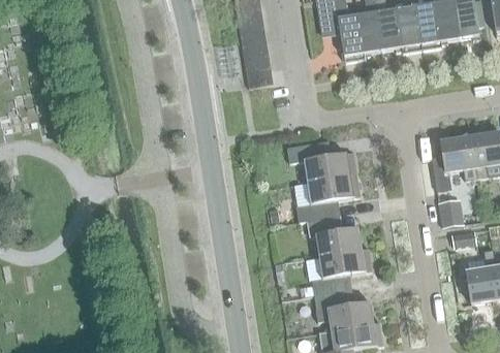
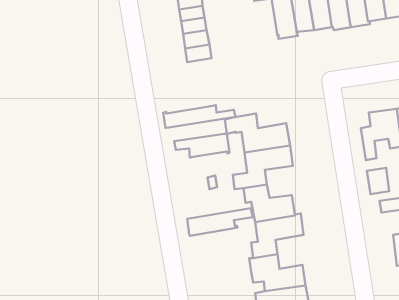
building: none -> [163,105,235,128]
building: none -> [174,134,230,157]
building: none -> [187,208,253,236]

